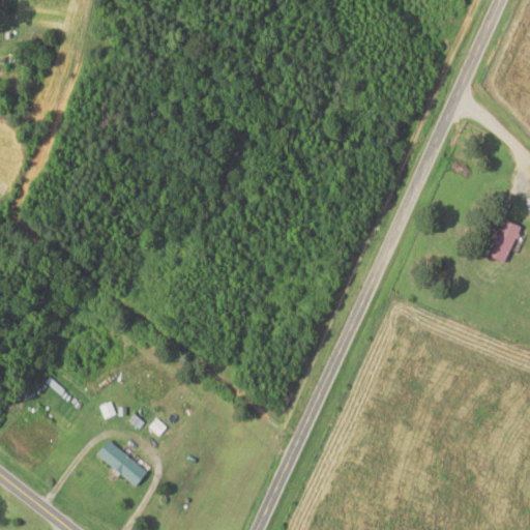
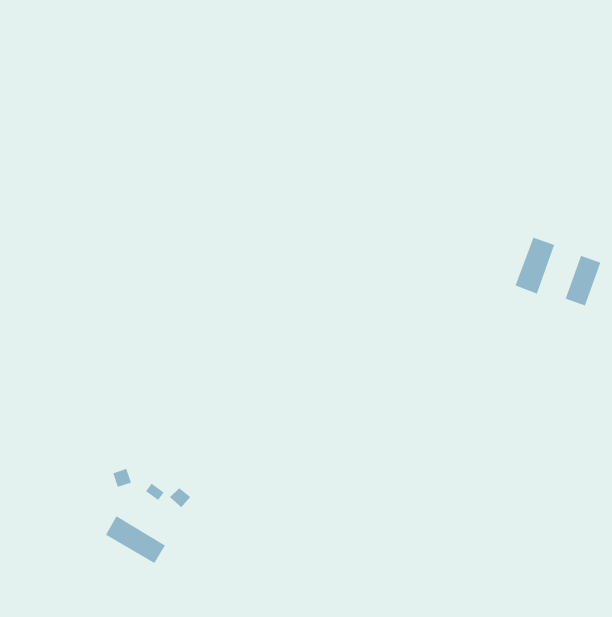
building: none -> [515,237,555,295]

